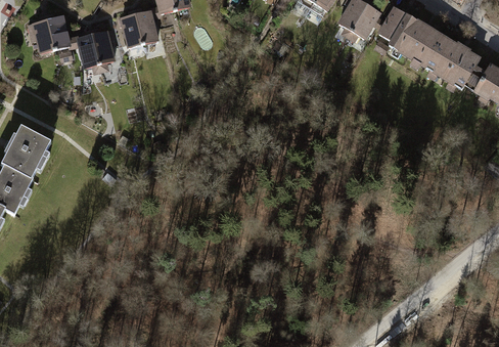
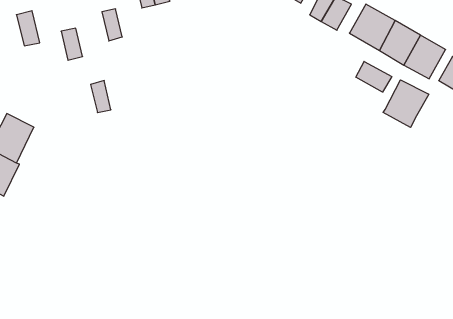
building: [134,11,156,45] -> none
building: [46,14,71,51] -> none
building: [92,32,114,66] -> [91,81,111,113]
building: none -> [356,61,392,92]
building: none -> [383,80,429,127]

